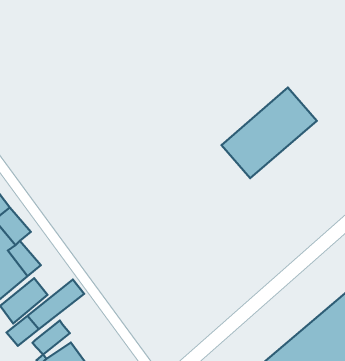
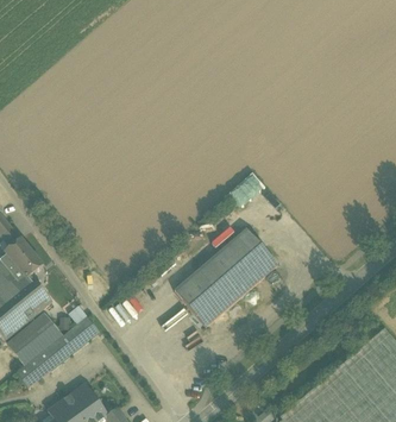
building: [222,88,317,178] -> [175,228,277,326]
building: [33,320,70,355] -> none

